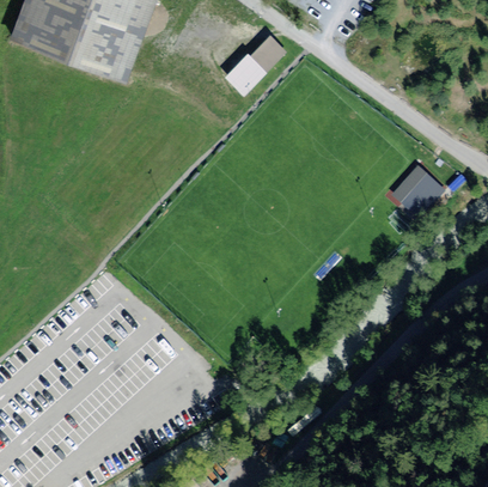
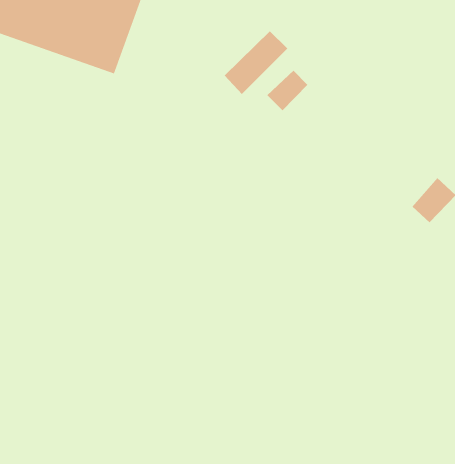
building: none -> [266,70,308,111]

